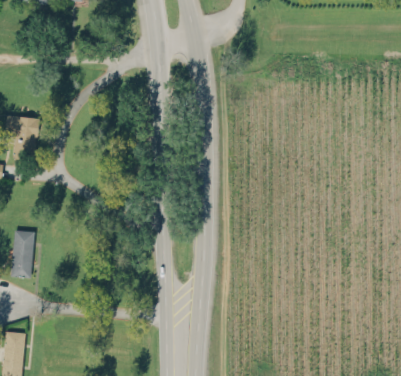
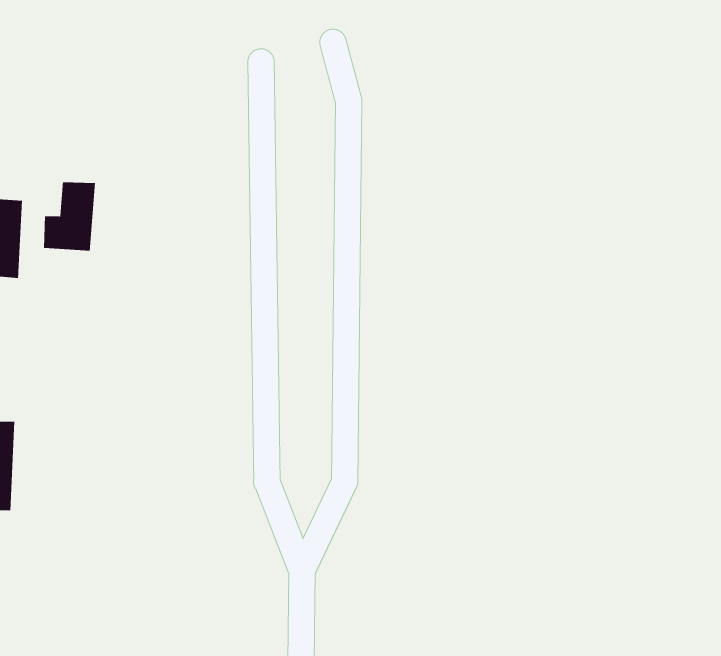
building: none -> [44,181,96,252]

